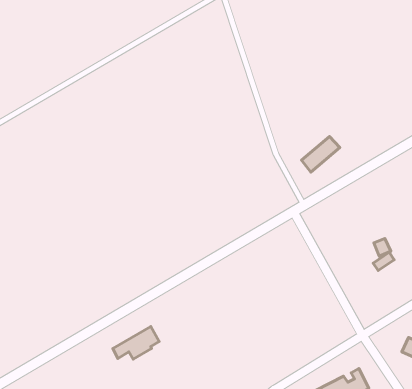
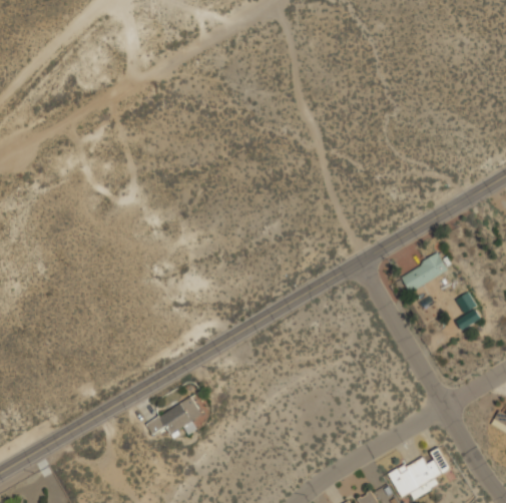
building: [302,137,340,172] -> [403,252,448,294]

